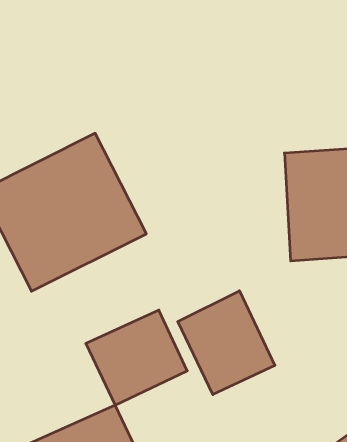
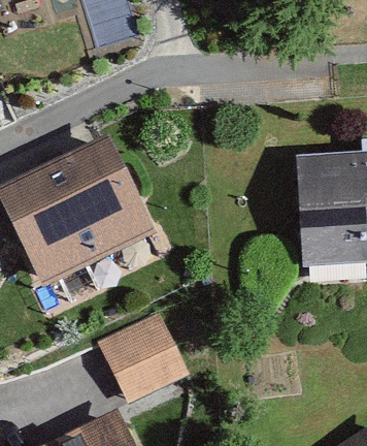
building: [178,291,275,395] -> none

